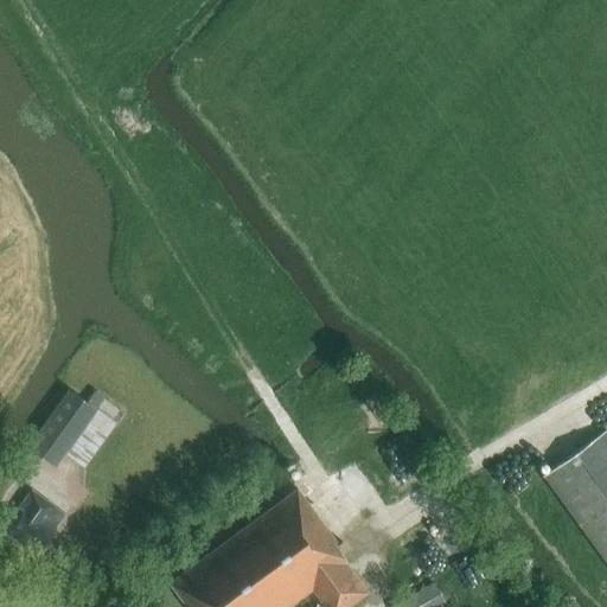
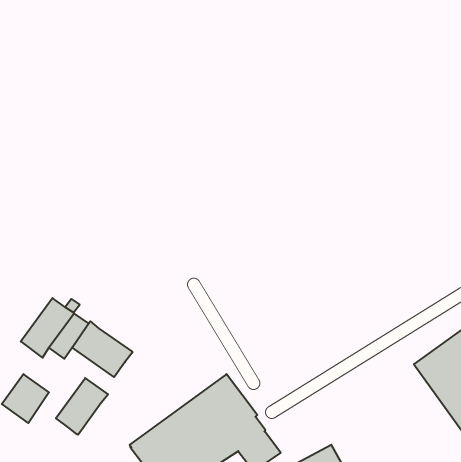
building: none -> [72,321,132,377]
building: none -> [56,378,108,435]

